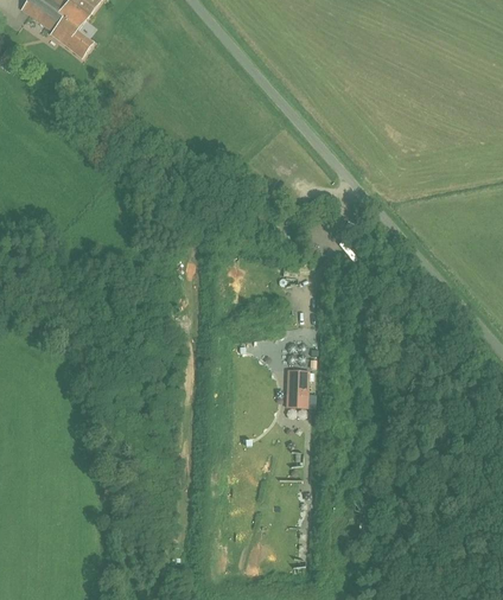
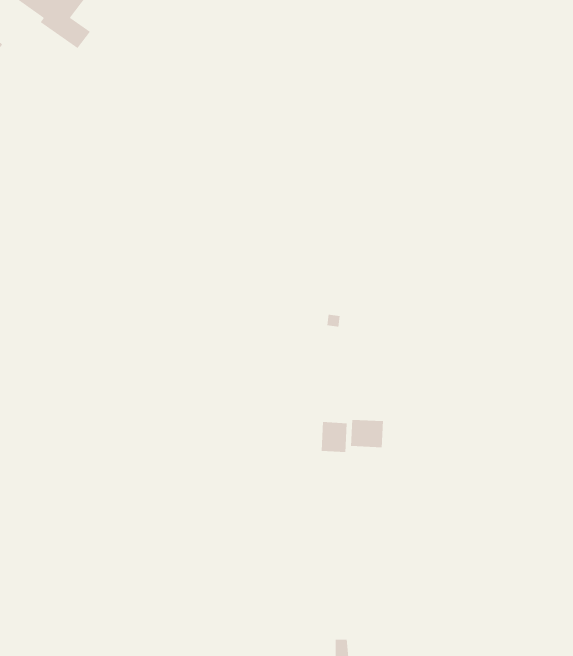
building: none -> [351,419,383,448]

